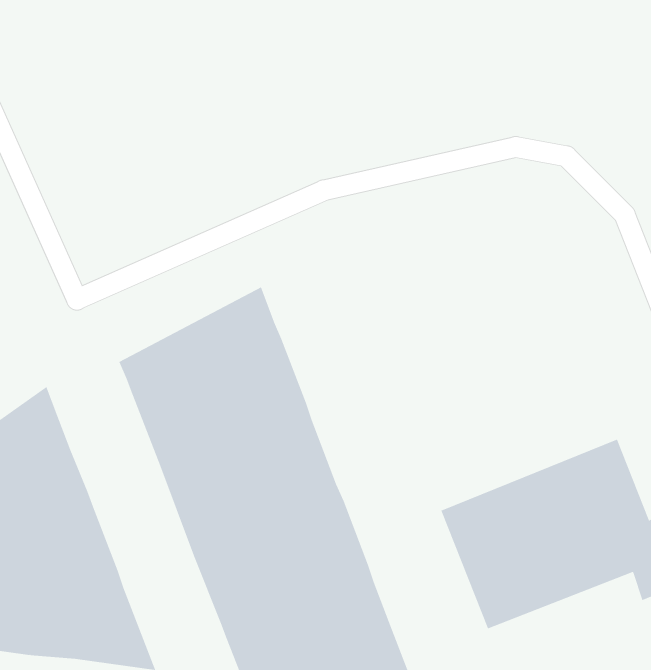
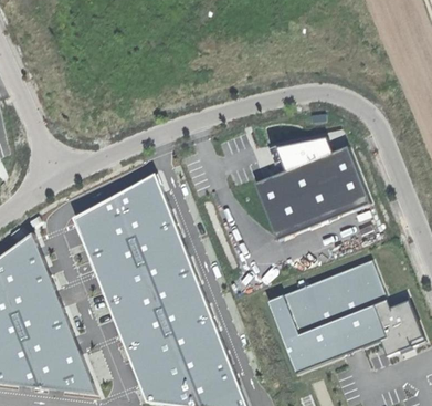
building: none -> [251,139,365,240]

